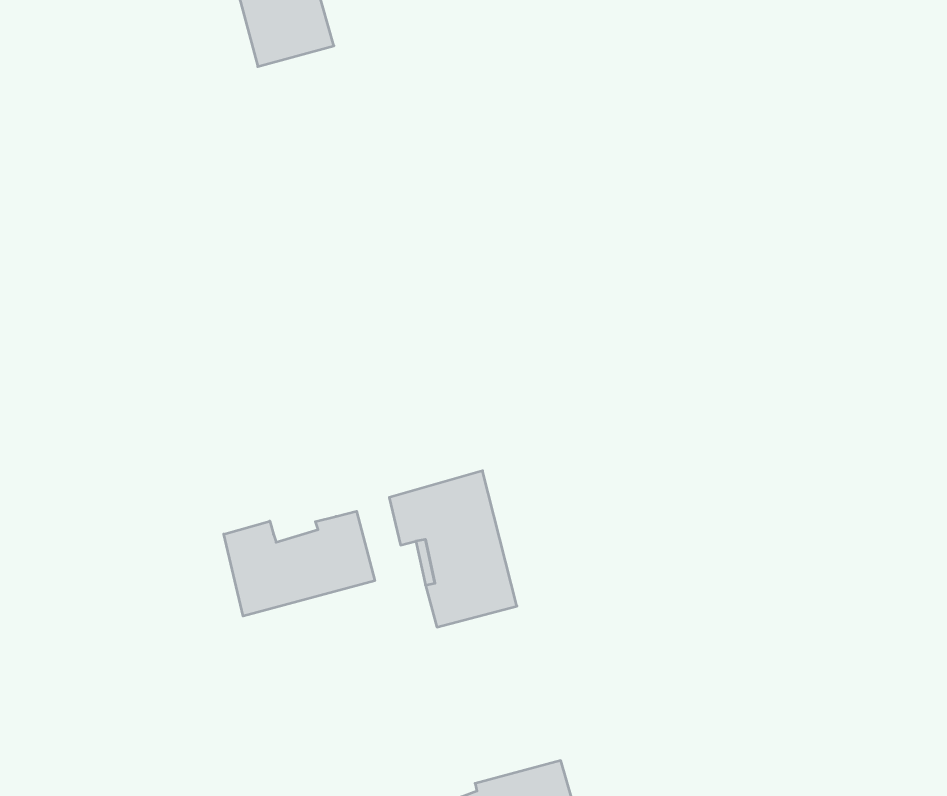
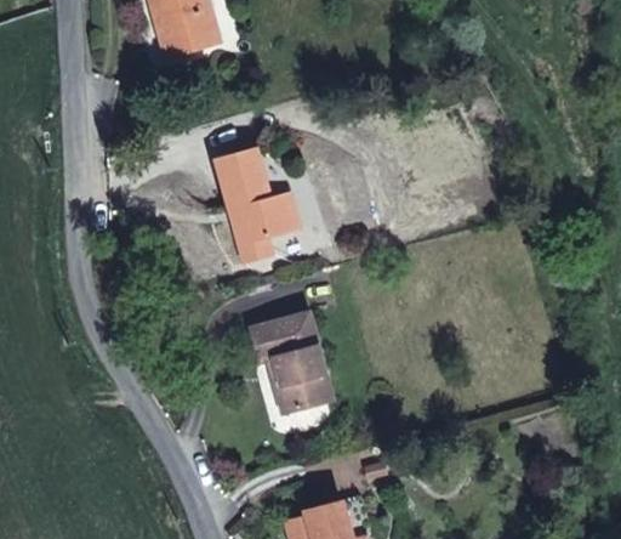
building: none -> [215,148,297,261]
building: [224,511,375,616] -> none

